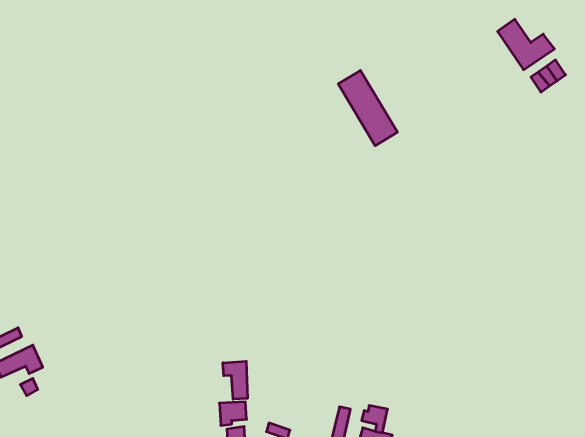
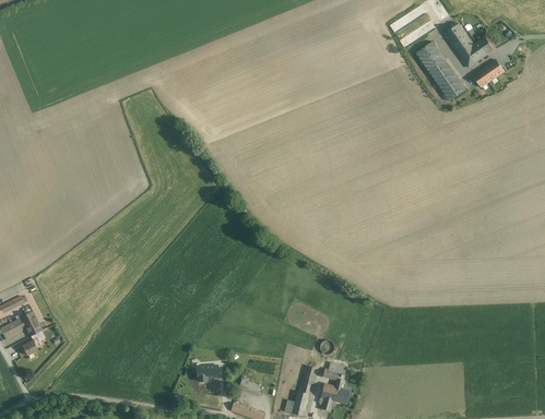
building: [338,70,397,146] -> [414,38,466,105]
building: [223,361,247,399] -> none

